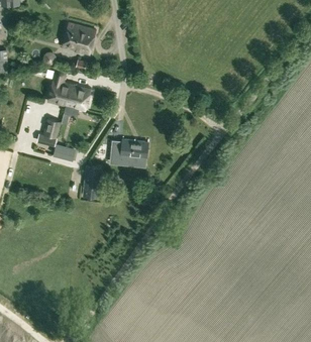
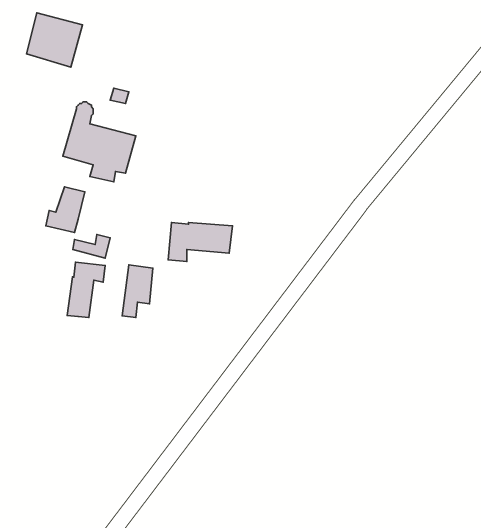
building: [61,22,94,54] -> [27,13,83,67]
building: none -> [67,262,105,317]

